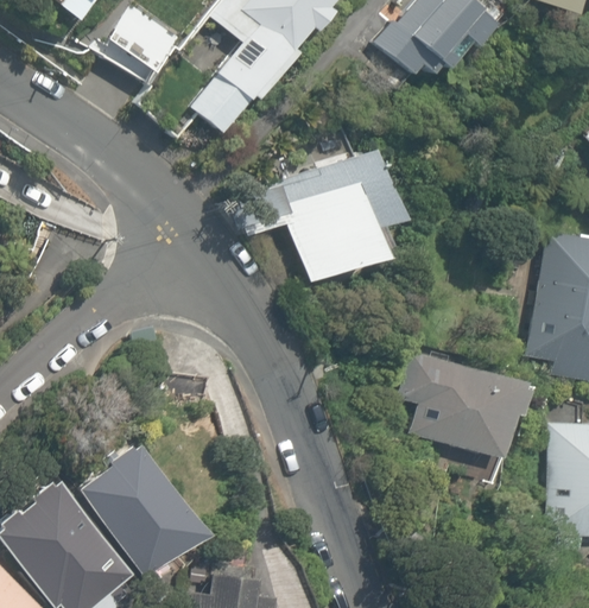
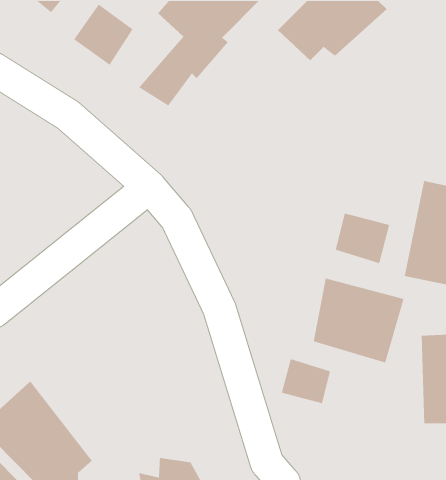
building: [258,144,397,272] -> none
building: none -> [335,212,390,264]
building: [82,444,209,581] -> none
building: none -> [281,358,331,404]

